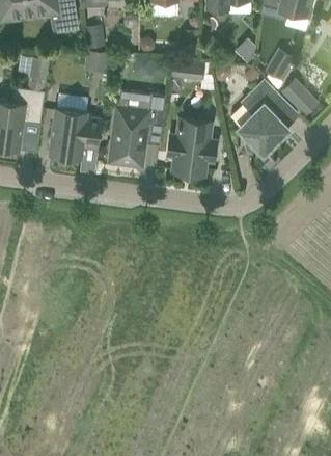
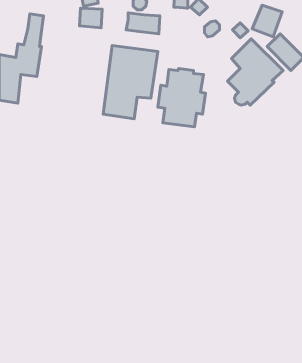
building: [170,59,204,79] -> none
building: [48,108,102,159] -> none

